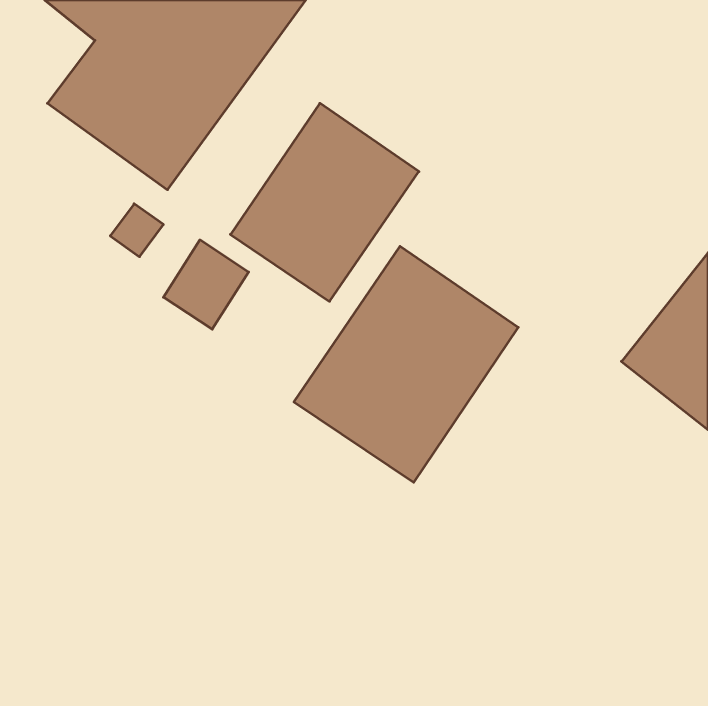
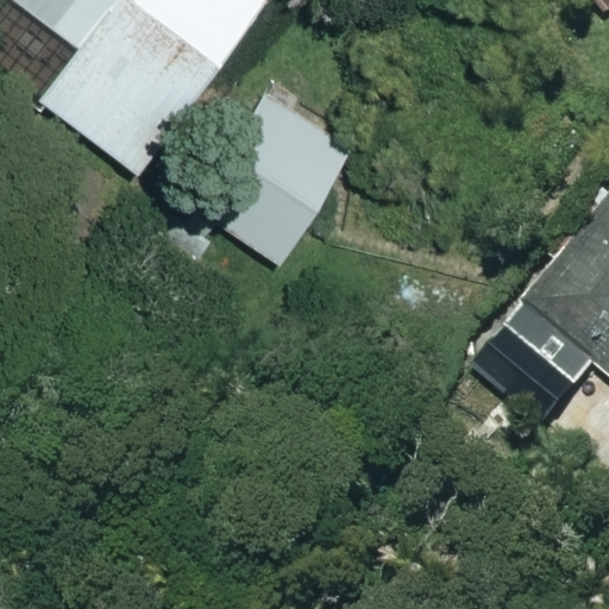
building: [294,246,518,482] -> none

